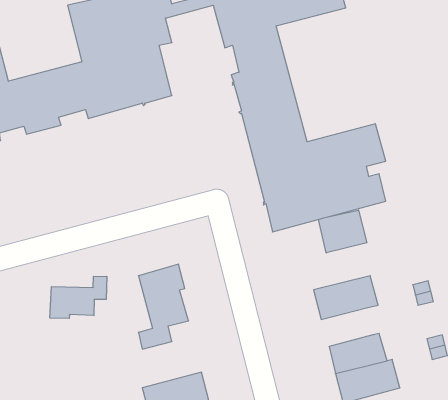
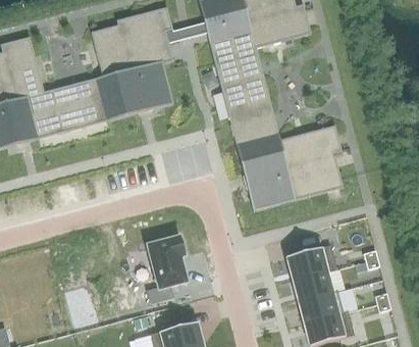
building: [319,210,367,253] -> none
building: [50,276,107,318] -> none
building: none -> [292,270,332,301]

